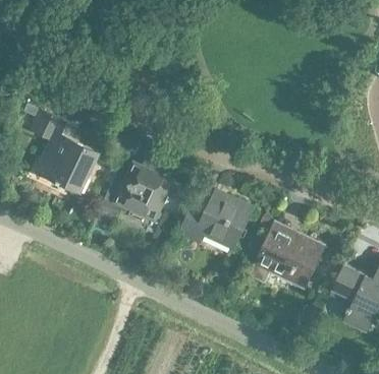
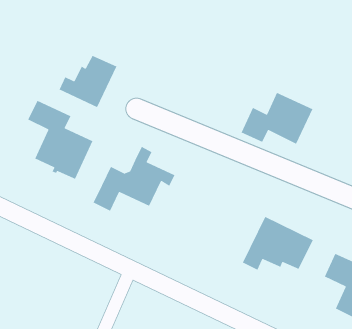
building: none -> [58,55,117,108]
building: [178,192,253,246] -> [241,92,314,145]

